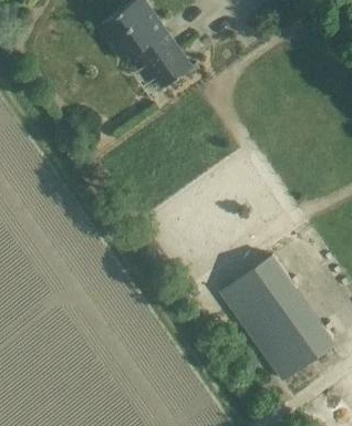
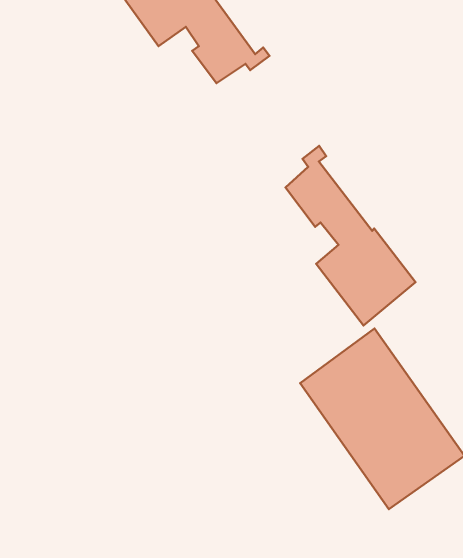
building: none -> [286,146,416,325]

